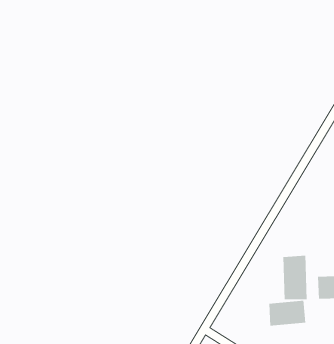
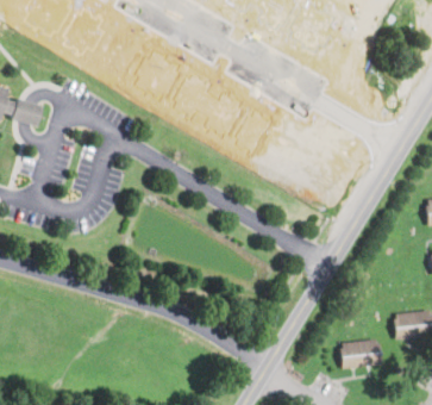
building: [283,255,307,300] -> none

